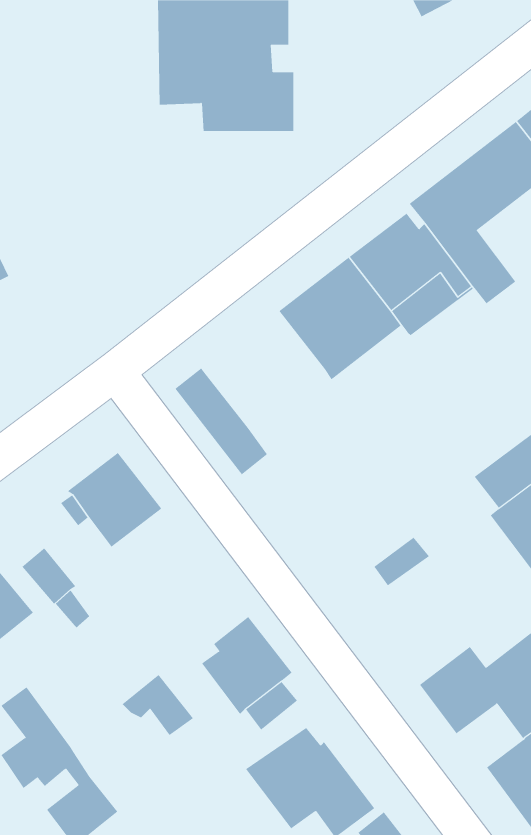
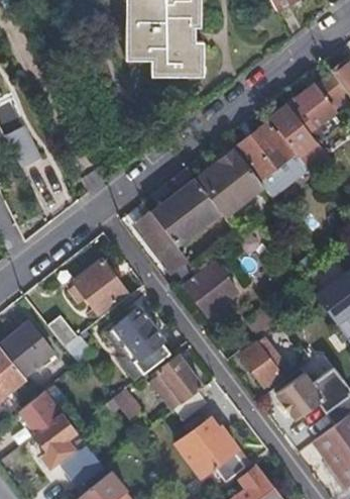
building: none -> [150,179,220,245]
building: none -> [184,261,238,315]
building: none -> [106,307,171,379]
building: none -> [240,336,287,385]

